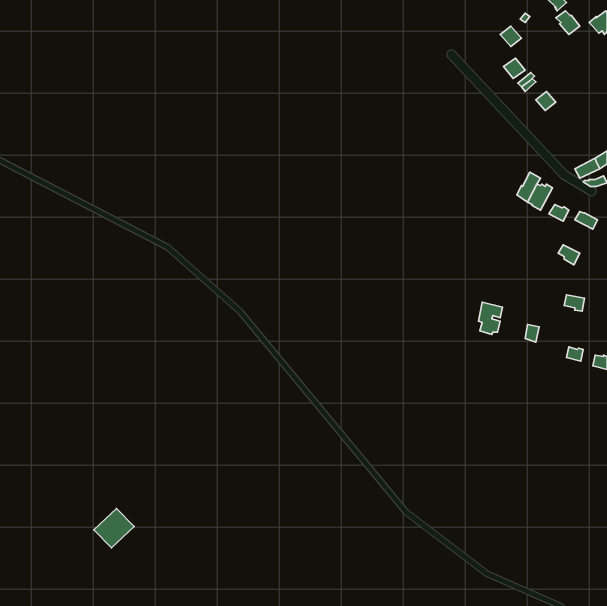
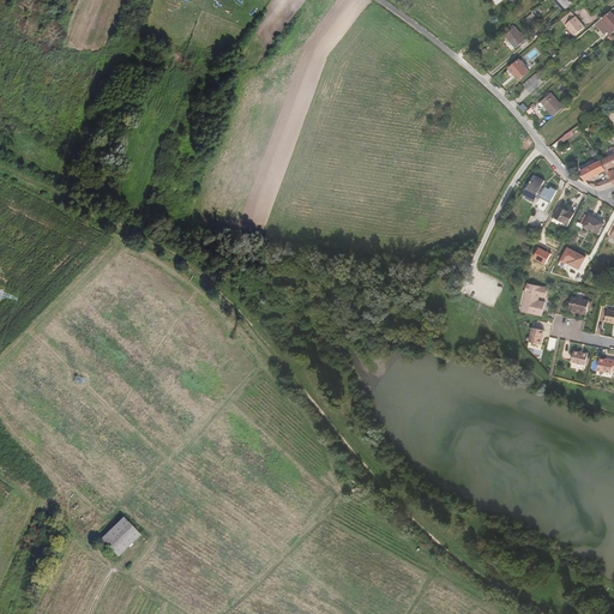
building: [479,302,502,334] -> [524,283,548,315]

